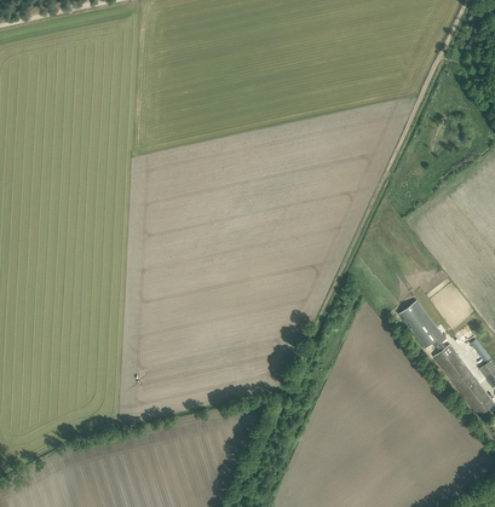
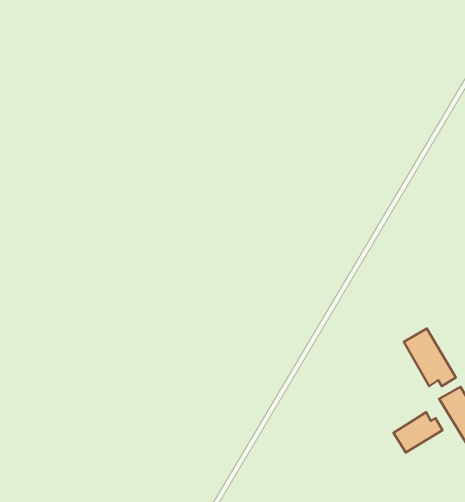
building: none -> [394,412,443,453]

